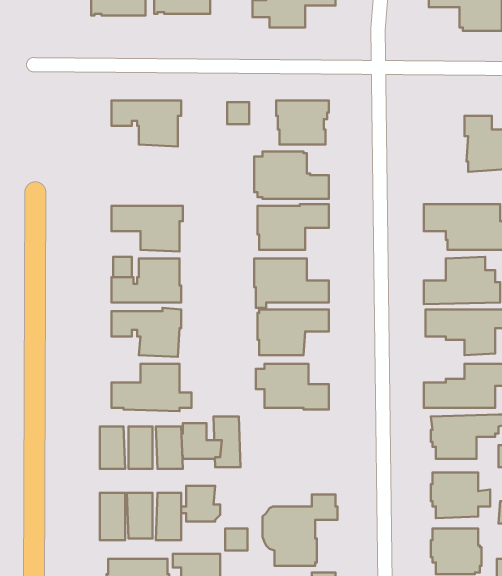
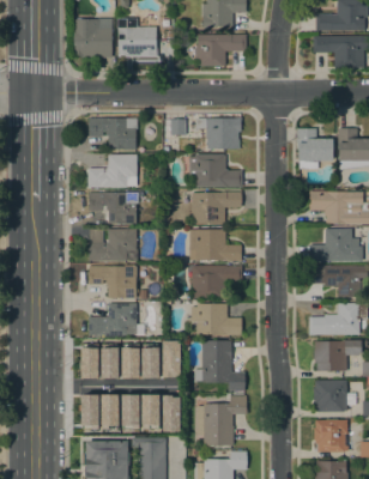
building: none -> [297,128,333,169]
building: none -> [89,154,139,187]
building: none -> [194,340,244,390]

